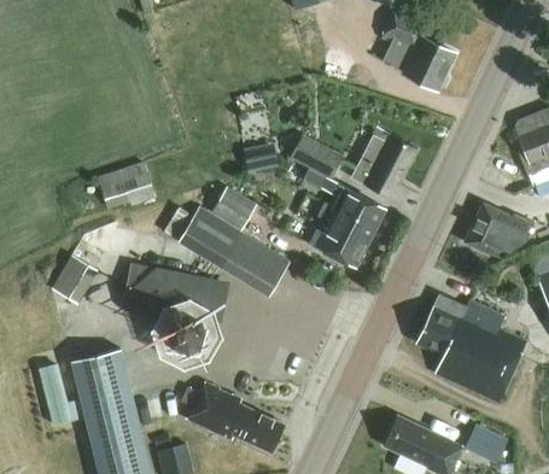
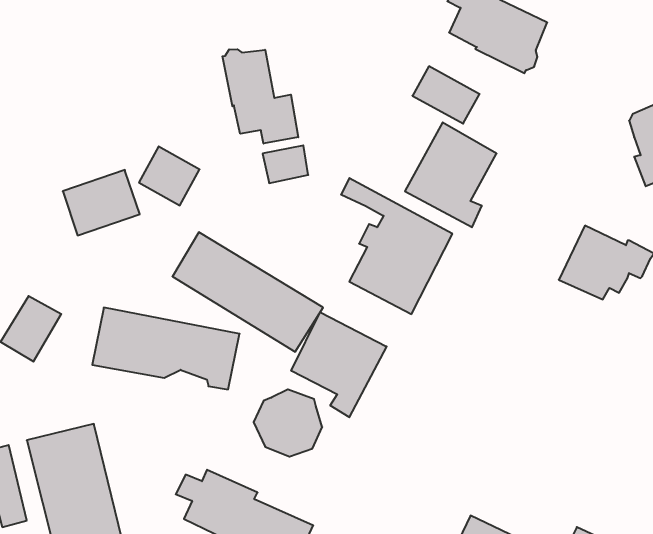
building: none -> [222,49,298,144]
building: [292,135,341,177] -> [412,66,480,124]
building: [210,187,255,230] -> [139,146,200,205]
building: none -> [291,312,387,417]
building: [416,294,526,403] -> none
building: [159,309,210,358] -> [254,389,322,457]

